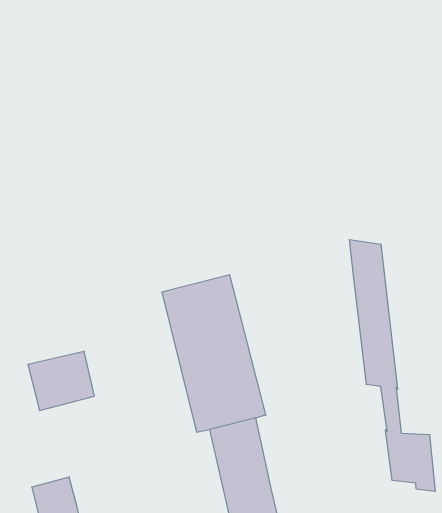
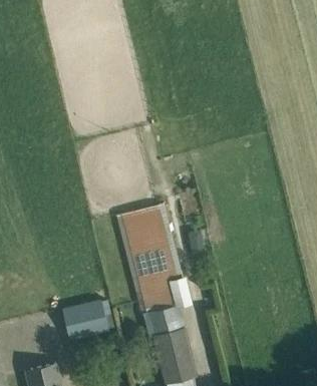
building: [350,240,435,491] -> none
building: [28,351,94,411] -> [62,301,108,342]

